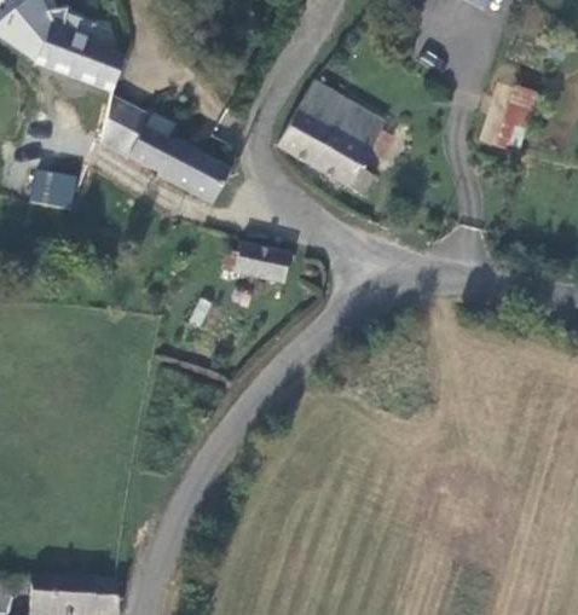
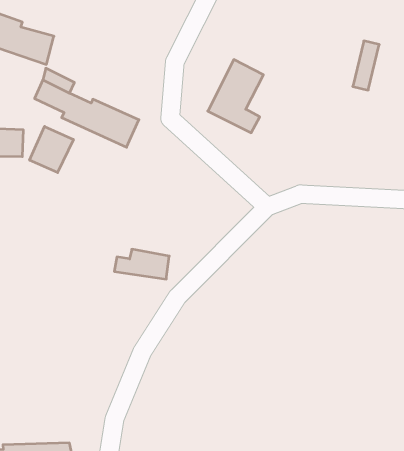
building: [281,81,351,164] -> none
building: none -> [30,126,73,173]
building: [218,239,289,280] -> [114,249,169,279]

